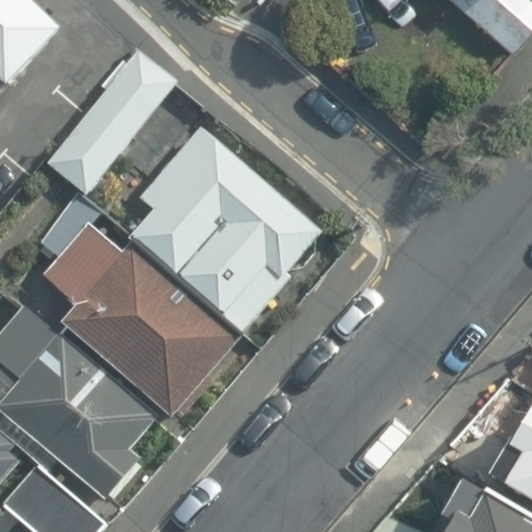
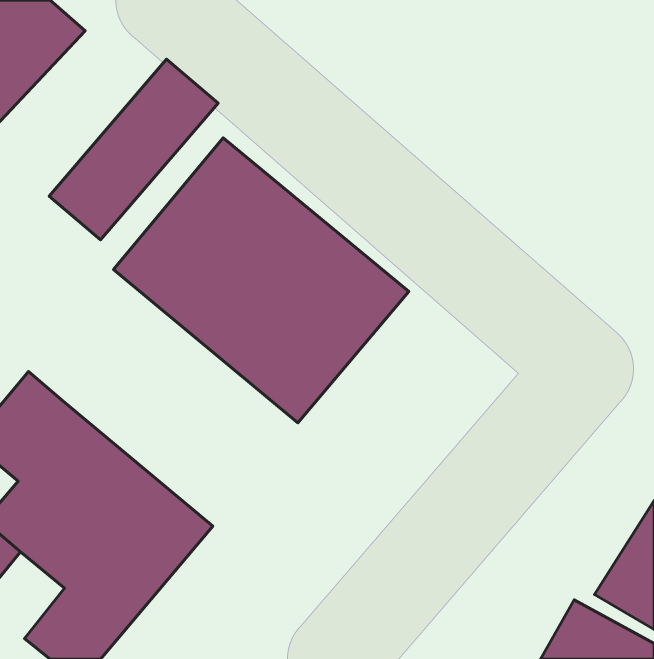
building: [38,217,240,424] -> none

